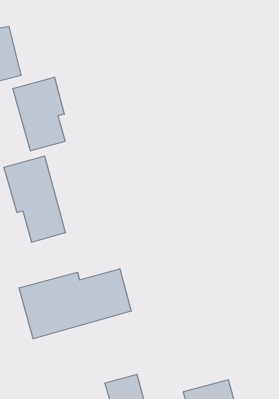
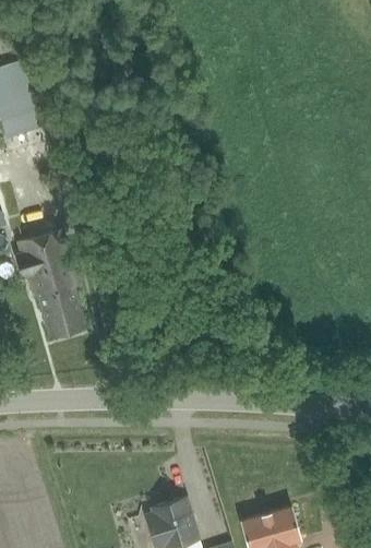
building: [13,77,65,151] -> none
building: [19,269,131,339] -> none

